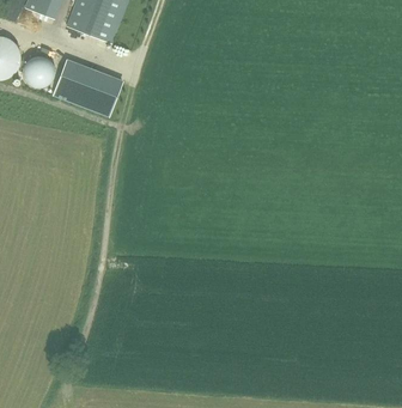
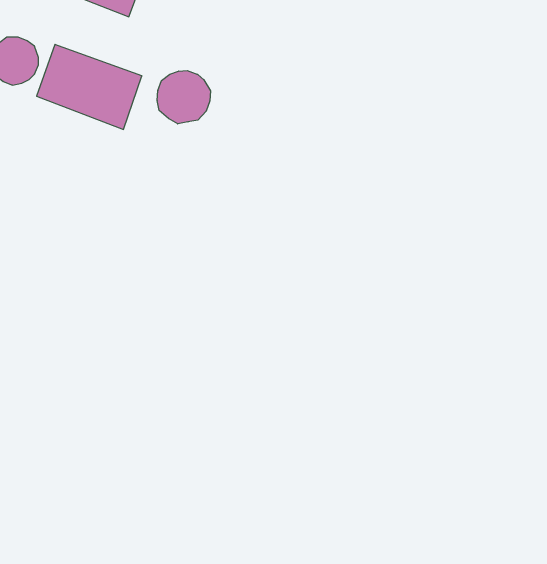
building: none -> [157,71,211,124]

